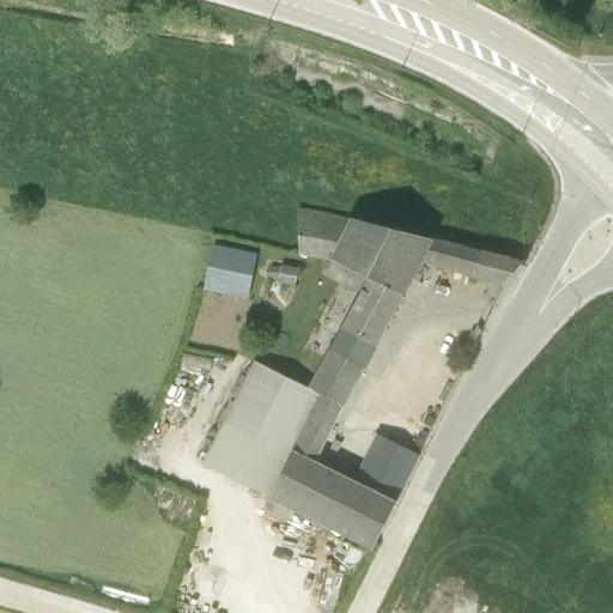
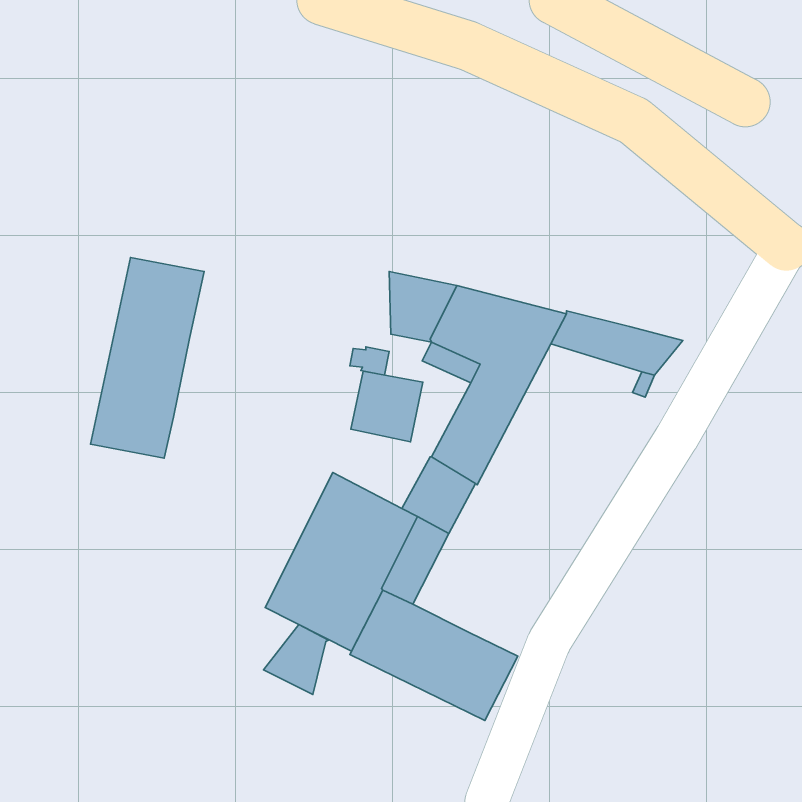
building: none -> [91,257,204,458]
building: [201,244,256,298] -> [351,371,423,442]
building: [353,433,419,502] -> none
building: none -> [263,625,328,694]

